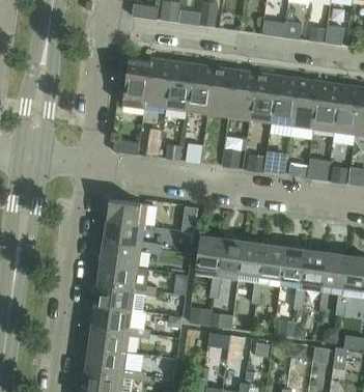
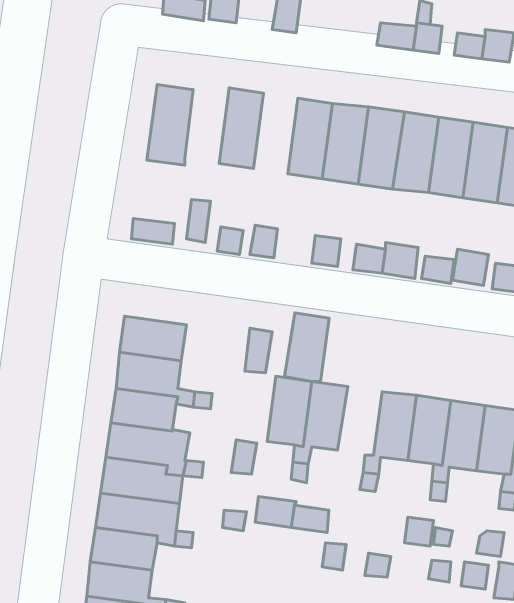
building: [145,58,172,107] -> none
building: [187,64,214,113] -> none
building: [237,242,264,283] -> [285,313,329,382]

